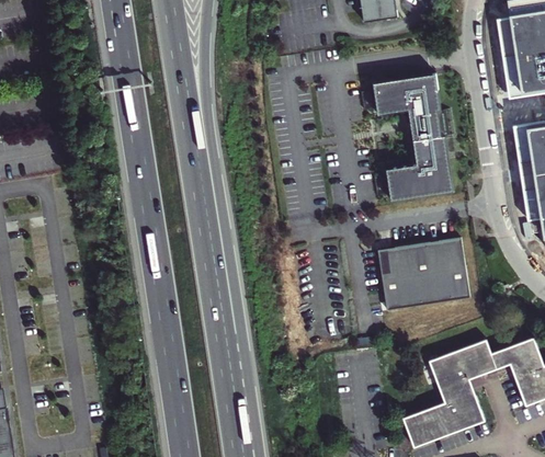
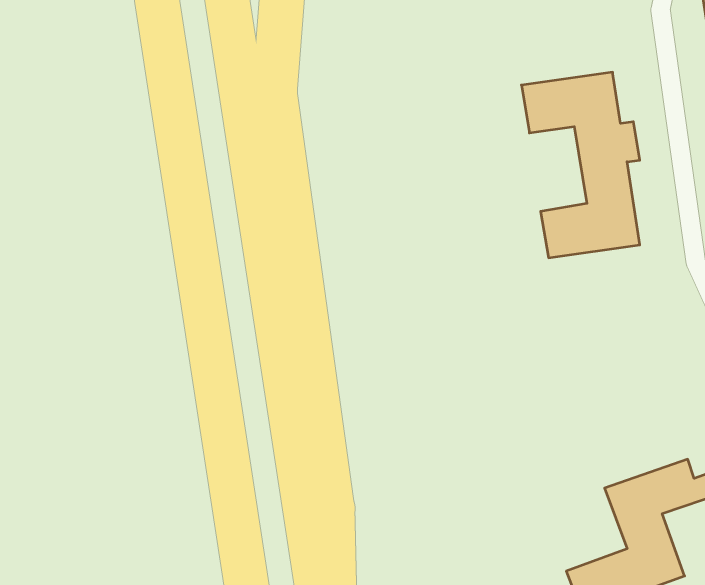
building: [379,237,472,310] -> none

